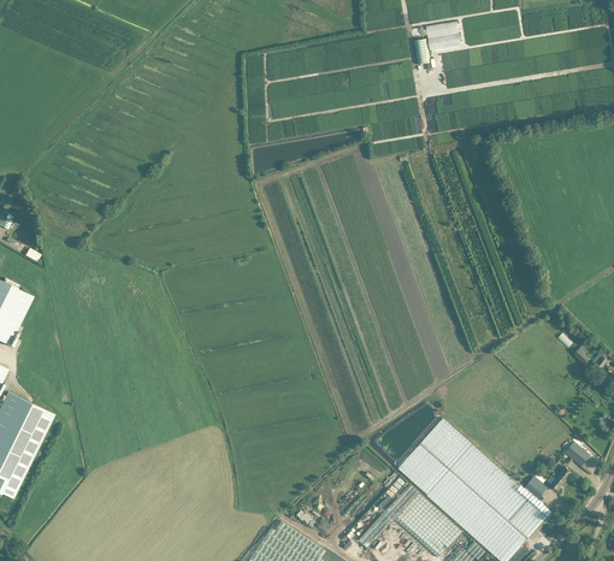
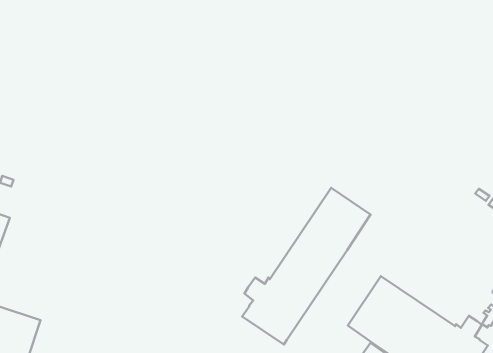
building: none -> [242,188,370,345]

